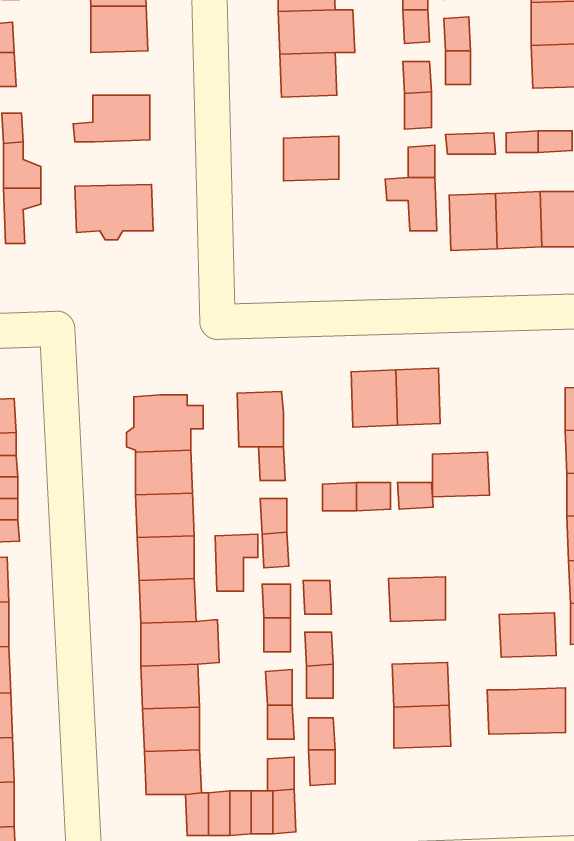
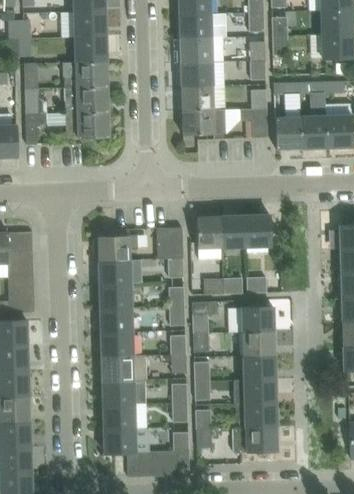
building: none -> [74,36,107,61]
building: none -> [181,61,213,85]
building: none -> [65,86,108,112]
building: none -> [182,108,226,134]
building: none -> [196,216,221,247]
building: [432,452,489,497] -> [241,307,273,332]
building: [215,534,258,591] -> [192,301,216,333]
building: [499,613,556,657] -> [242,355,274,380]
building: [487,688,565,734] -> [232,426,276,452]

